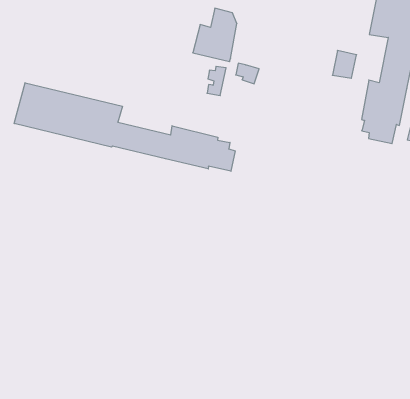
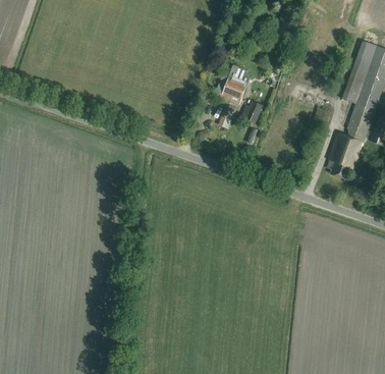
building: [14,83,235,171] -> none

